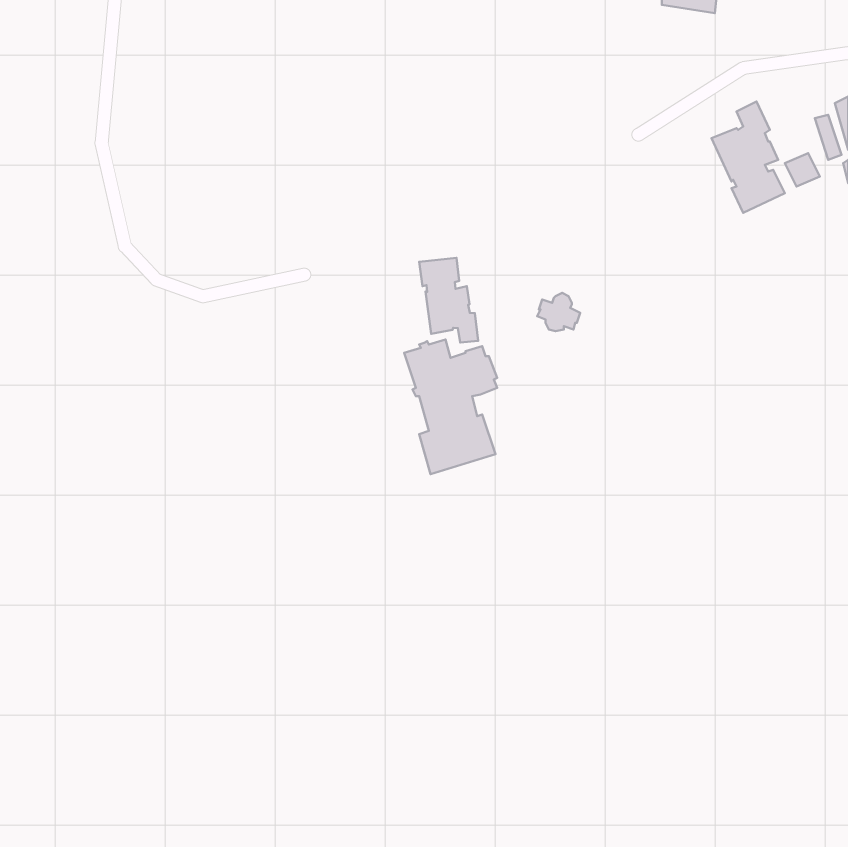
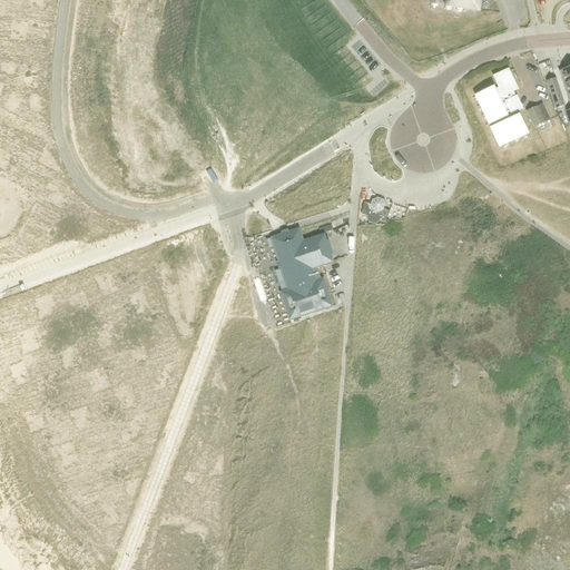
building: [419,258,478,343] -> none

